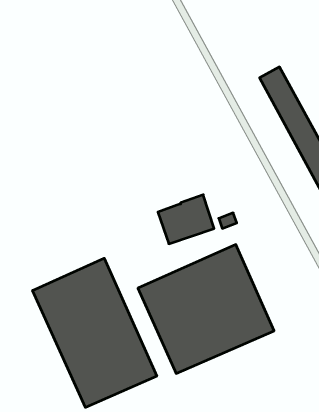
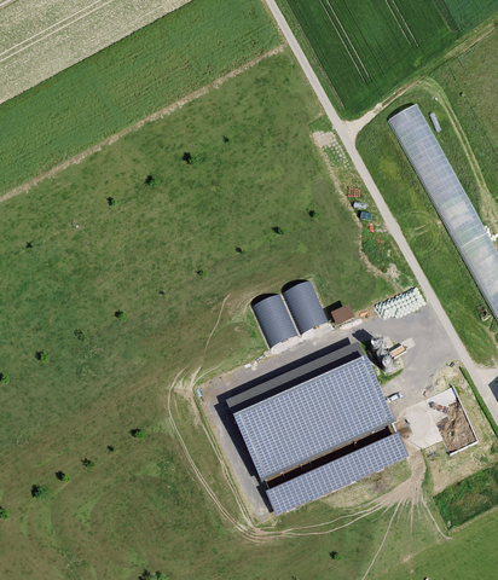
building: [33,258,157,407] -> none

